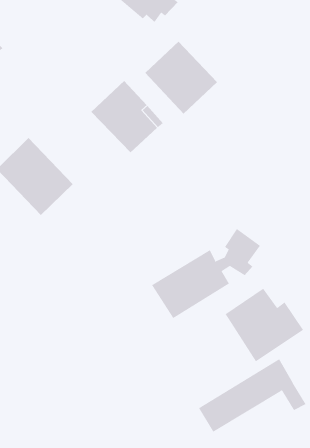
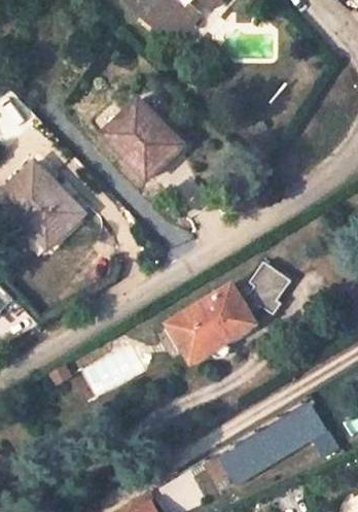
building: [144,41,218,114] -> none
building: [225,288,304,362] -> none

